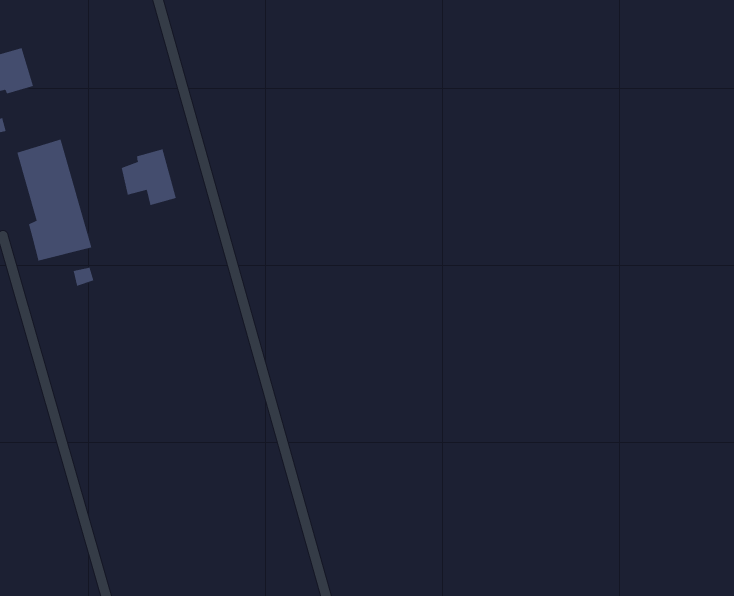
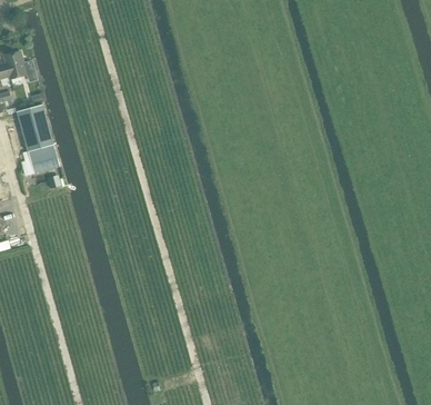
building: [121,148,176,206] -> none

